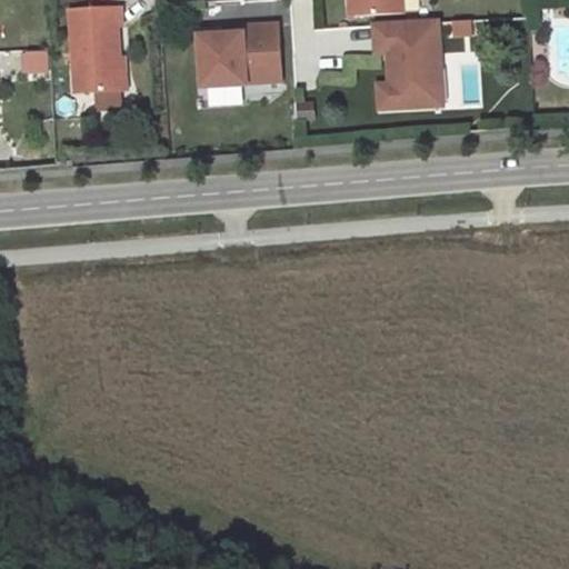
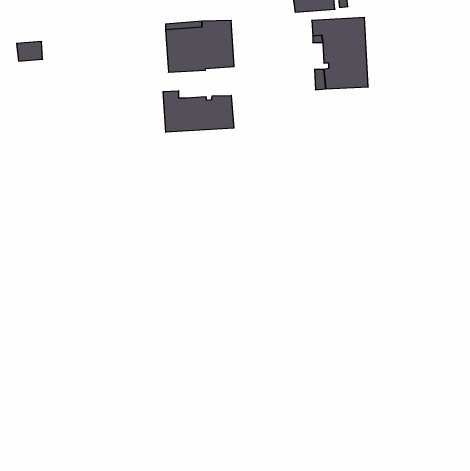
building: [69,6,122,93] -> none
building: none -> [163,91,234,132]

